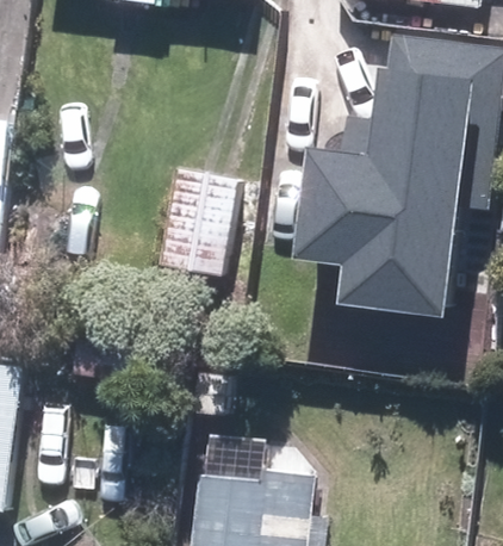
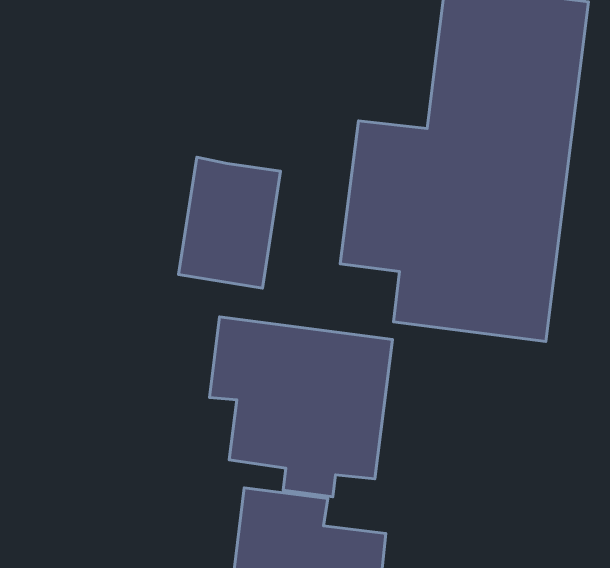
building: none -> [210,317,393,497]

